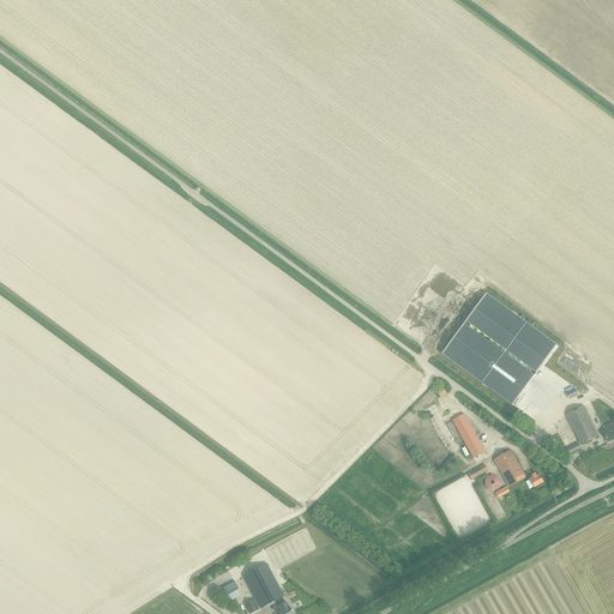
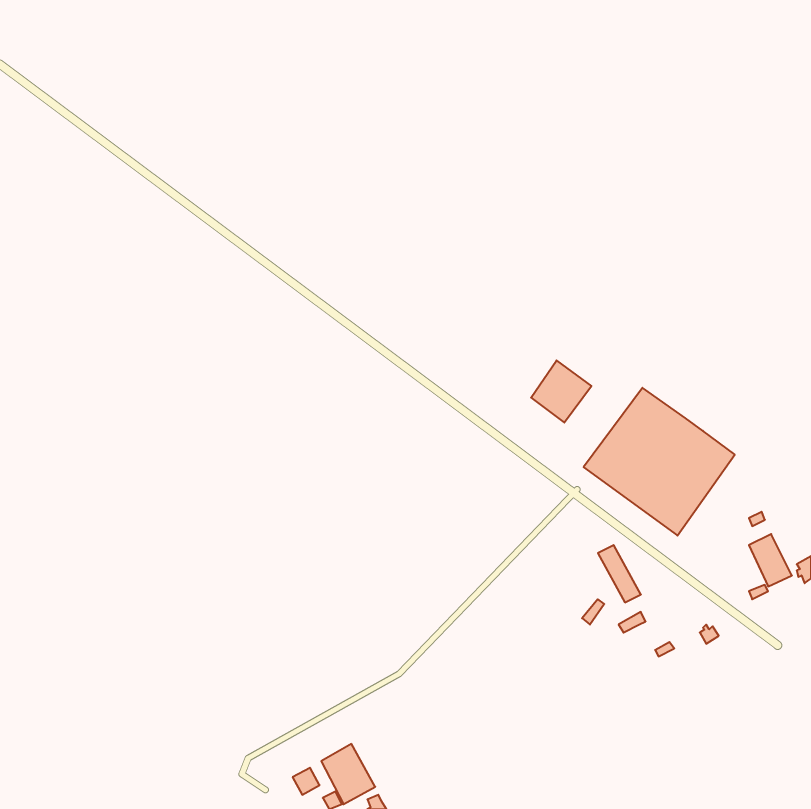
building: none -> [531,360,591,423]
building: [493,447,525,484] -> none

